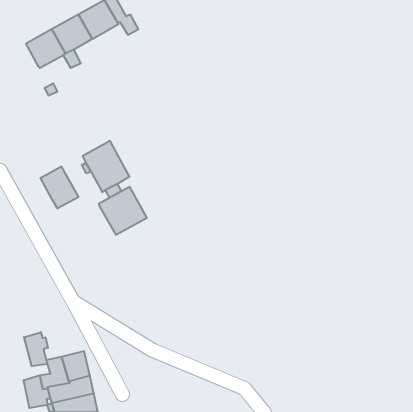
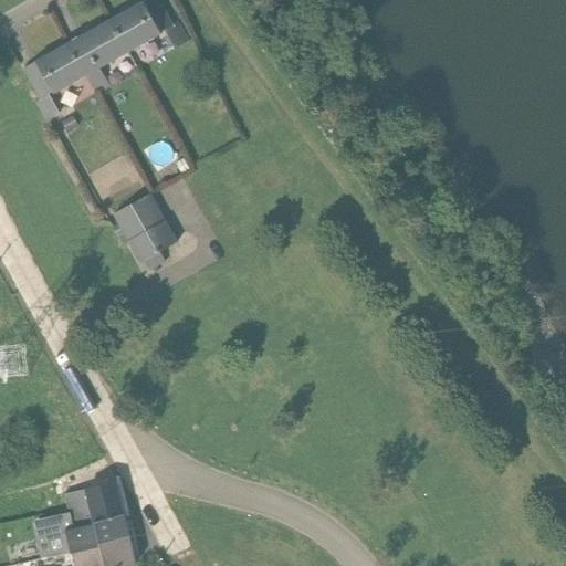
building: none -> [23,60,61,120]
building: [40,167,78,209] -> none
building: [99,187,147,235] -> none
building: [24,332,48,366] -> none

